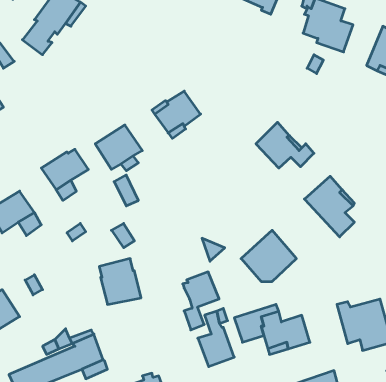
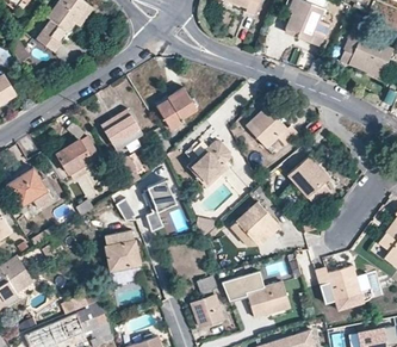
building: none -> [186,143,229,190]
building: [183,272,219,330] -> [143,181,175,233]

